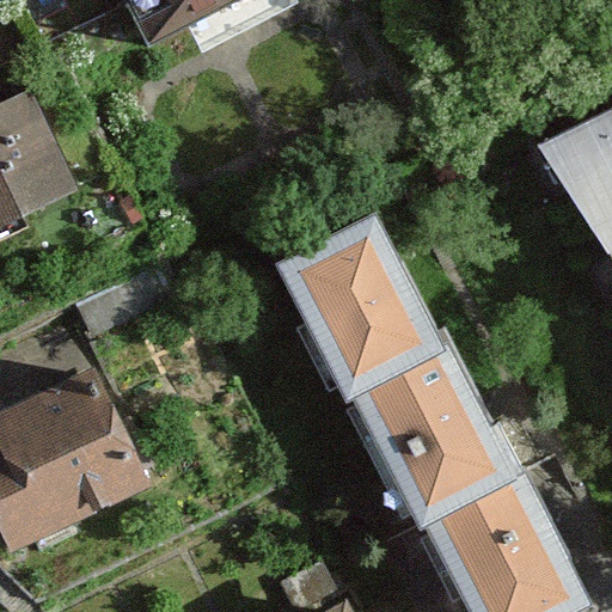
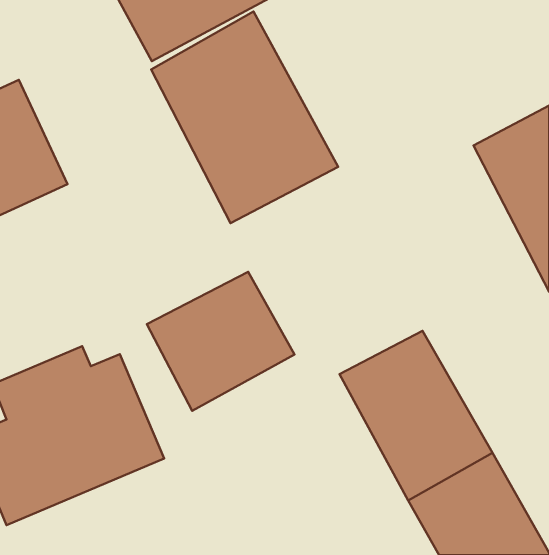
building: none -> [151,11,338,223]
building: [298,228,455,403] -> none
building: none -> [147,272,294,411]

